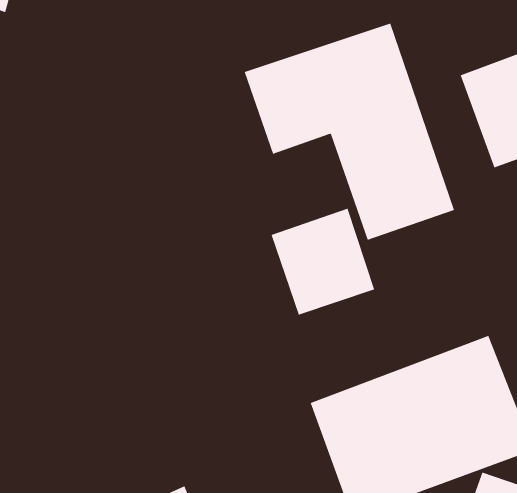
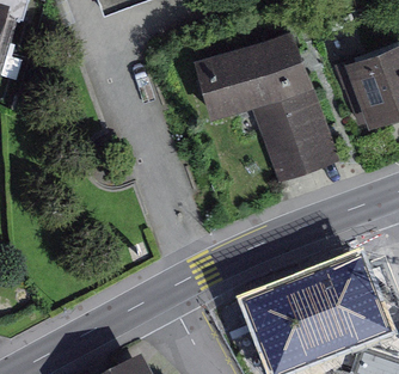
building: [271,208,375,315] -> none

